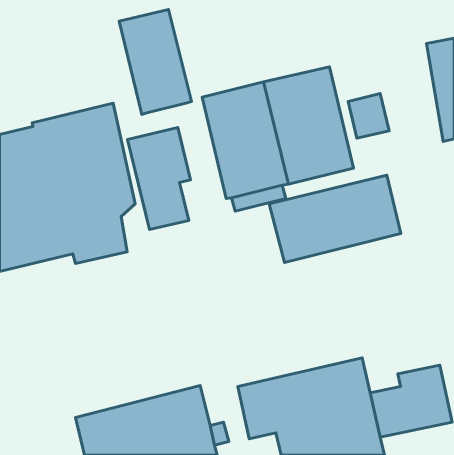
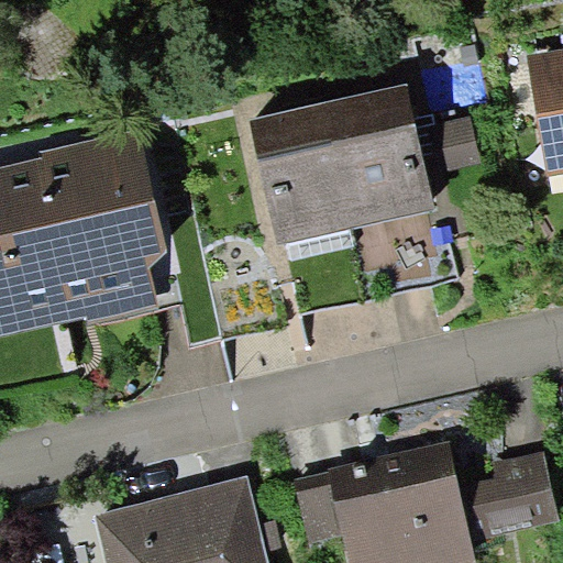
building: [119,10,191,114] -> none
building: [127,128,191,230] -> none
building: [269,175,401,262] -> none

